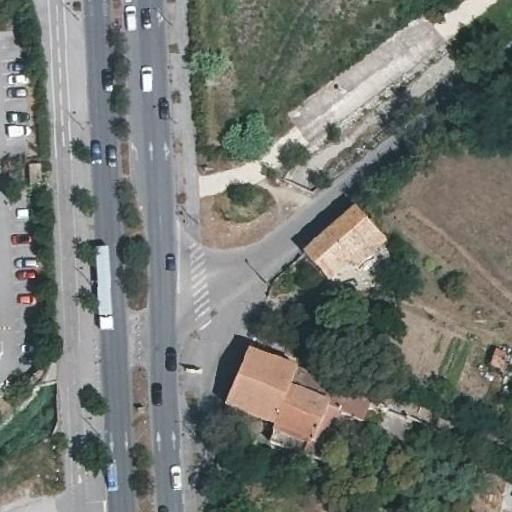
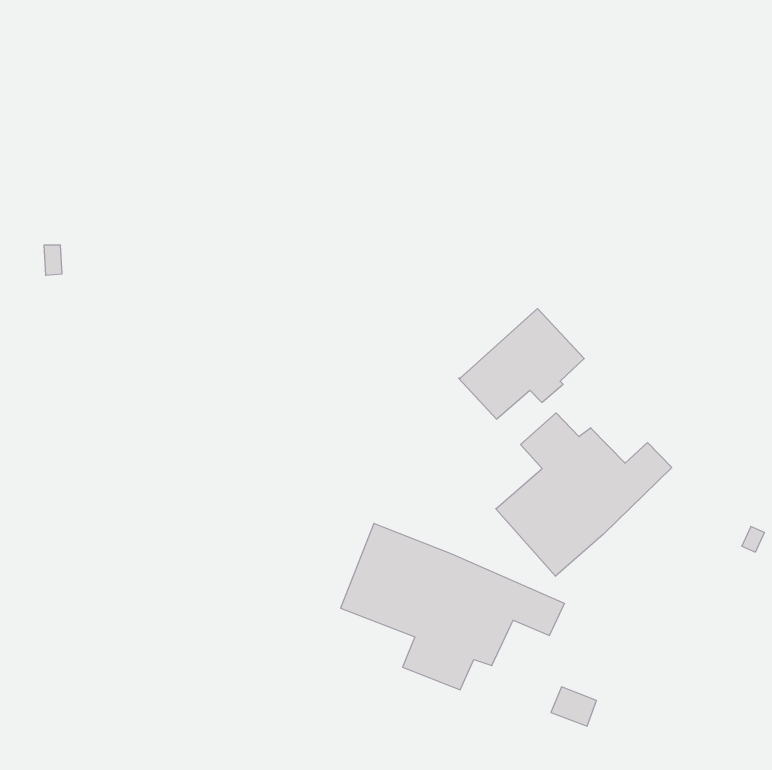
building: none -> [496,413,672,576]

